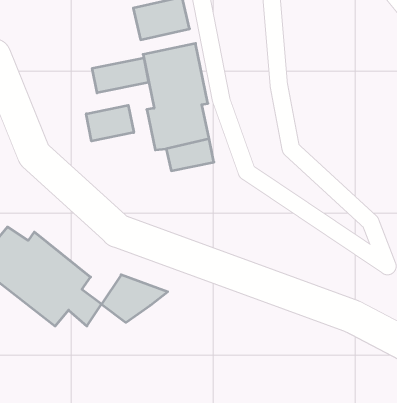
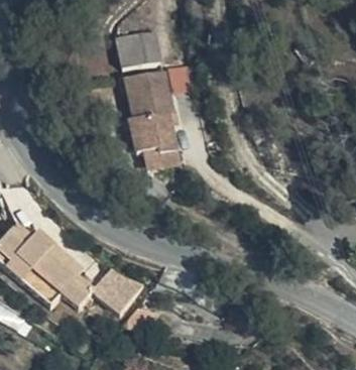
building: [92,58,149,93] -> none
building: [86,105,134,141] -> none

